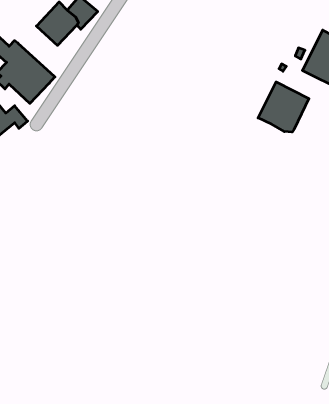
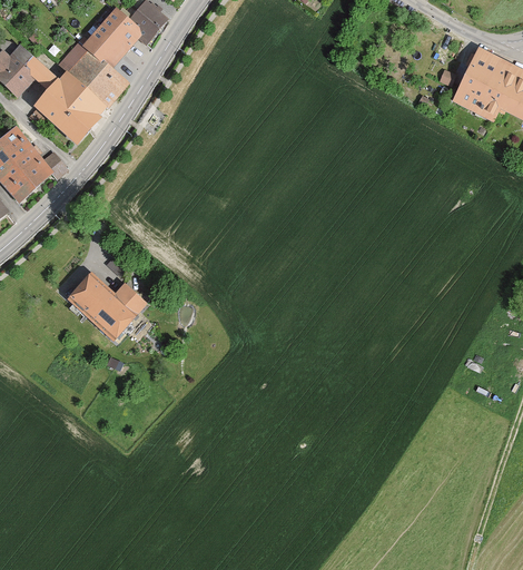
building: none -> [58,38,132,109]
building: [258,82,309,132] -> none
building: none -> [67,265,149,351]

